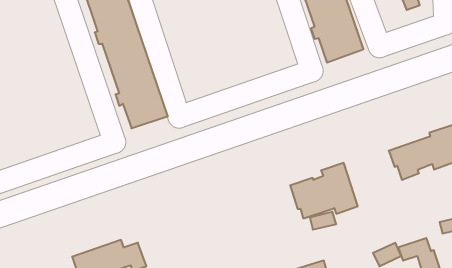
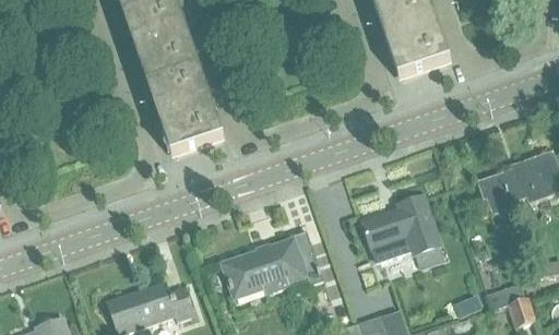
building: none -> [223,231,324,297]

